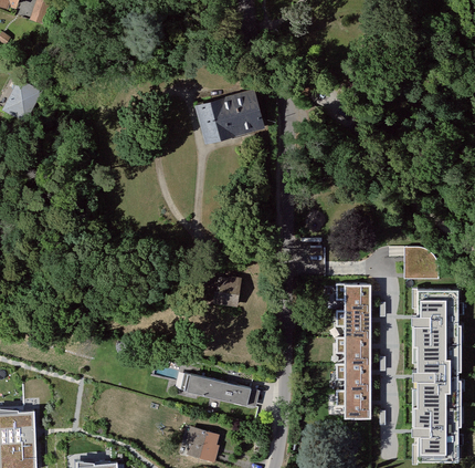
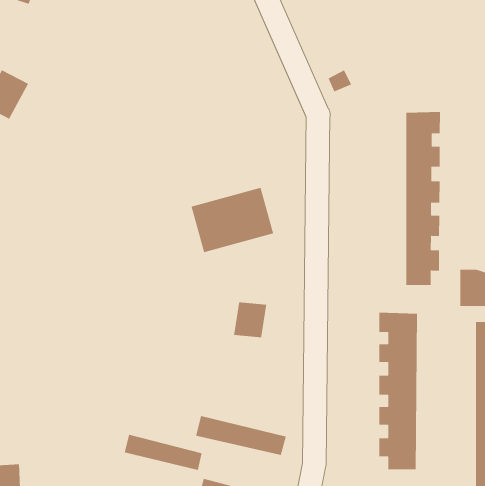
building: [197,87,267,144] -> [190,187,274,253]
building: none -> [406,111,441,286]
building: none -> [124,434,203,471]

